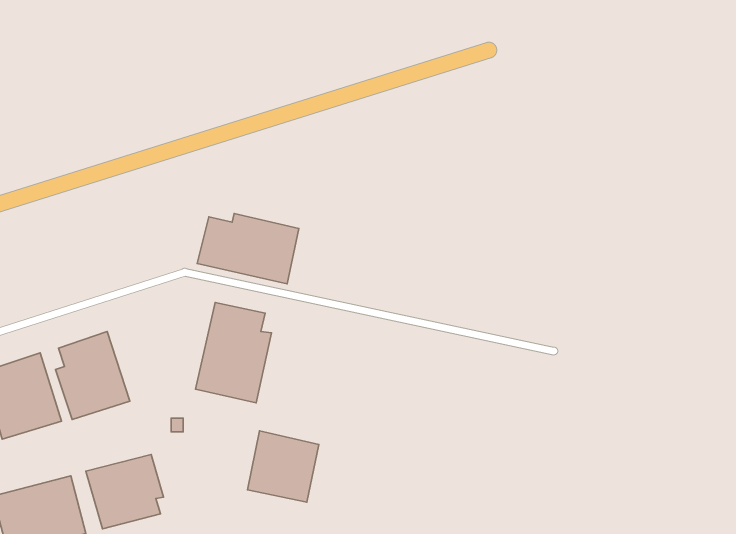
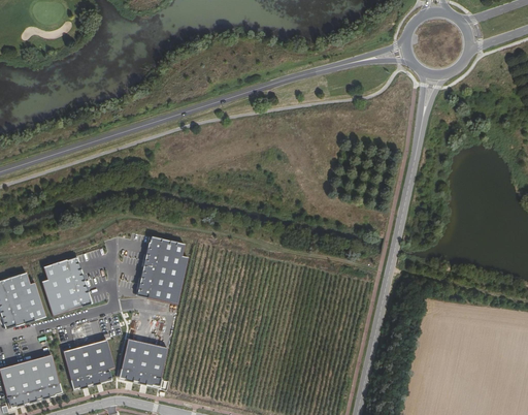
building: [197,213,299,284] -> none
building: [247,431,319,502] -> [119,339,167,387]

